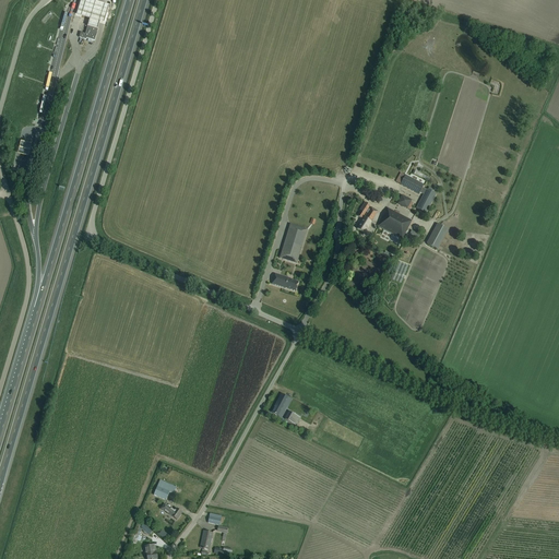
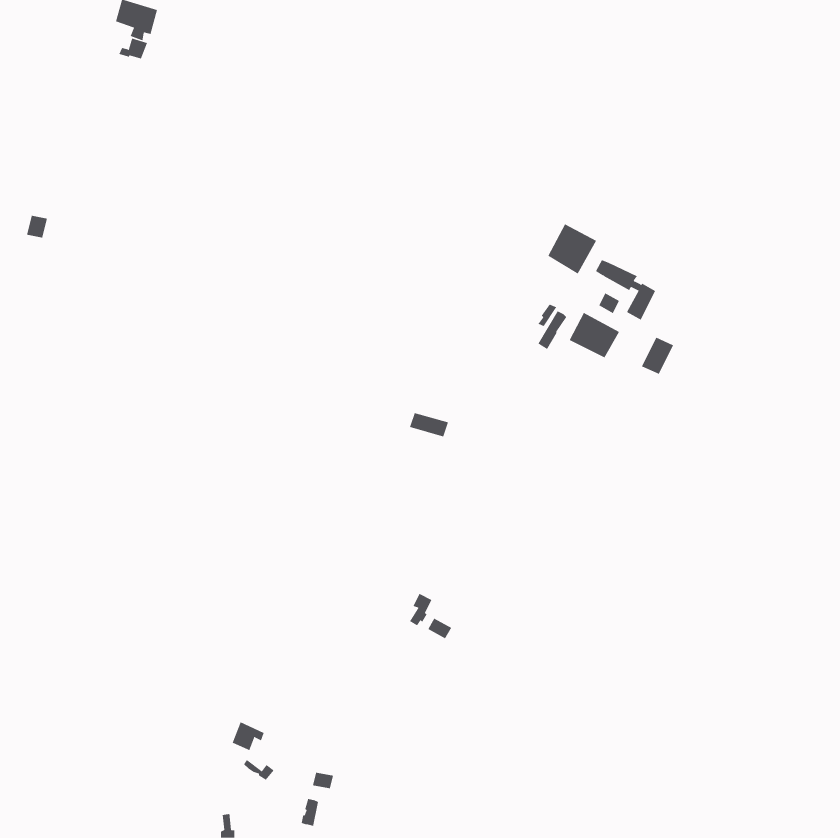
building: none -> [547,223,597,275]
building: [280,224,307,263] -> none

